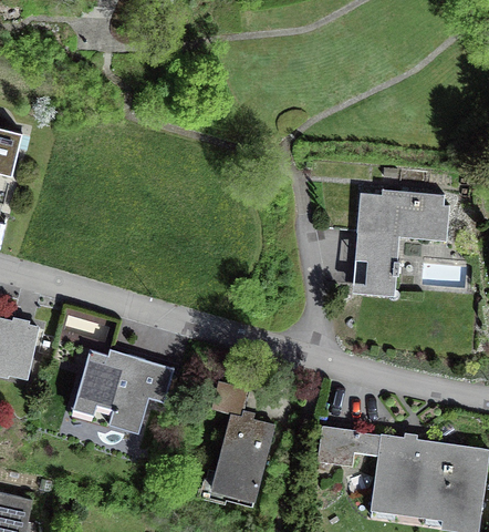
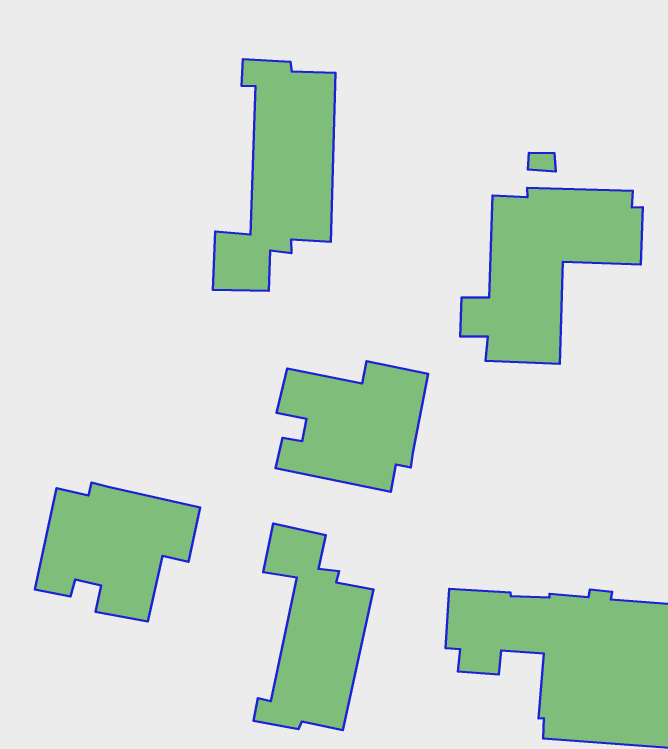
building: none -> [213,59,336,291]
building: none -> [276,361,428,492]

